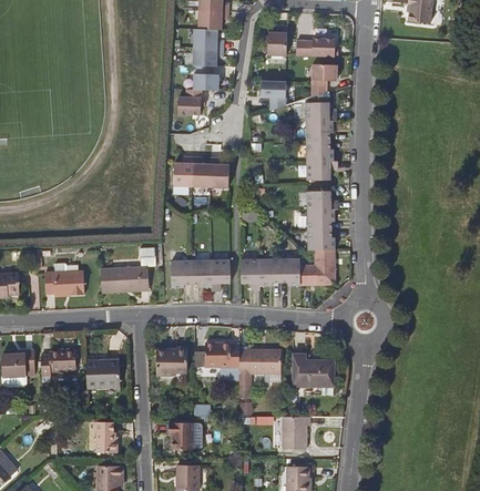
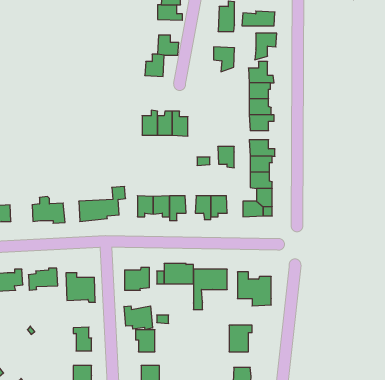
building: [194,48,225,67] -> none
building: [278,260,298,286] -> [218,147,234,168]
building: none -> [124,306,153,330]

